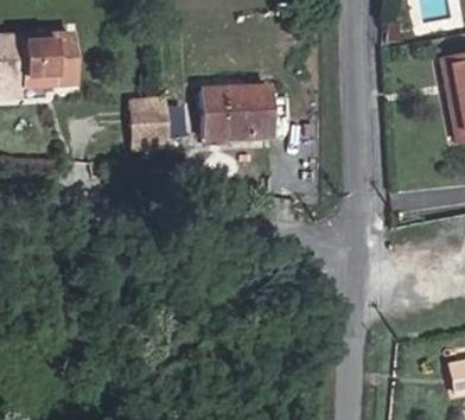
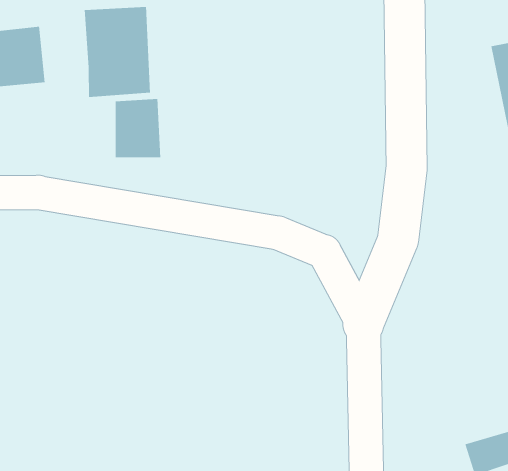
building: none -> [84,6,151,98]
building: [211,85,268,138] -> none

